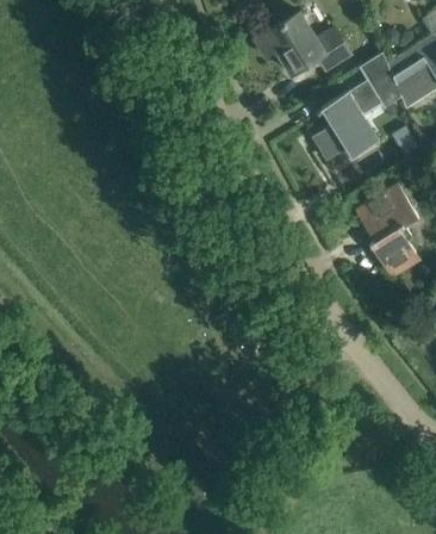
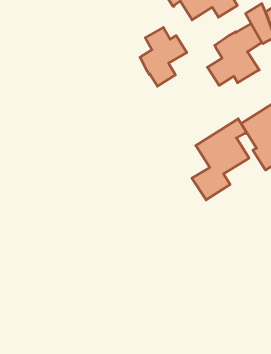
building: none -> [140,27,187,86]
building: none -> [192,119,249,200]

